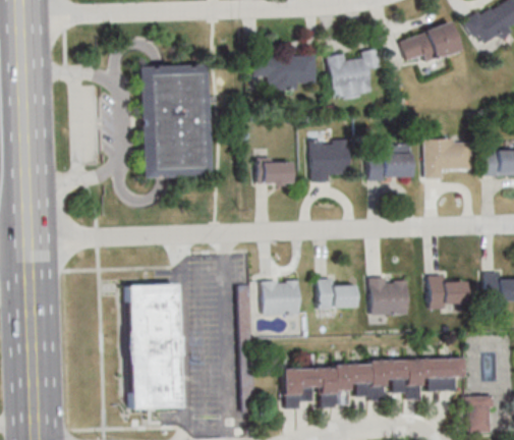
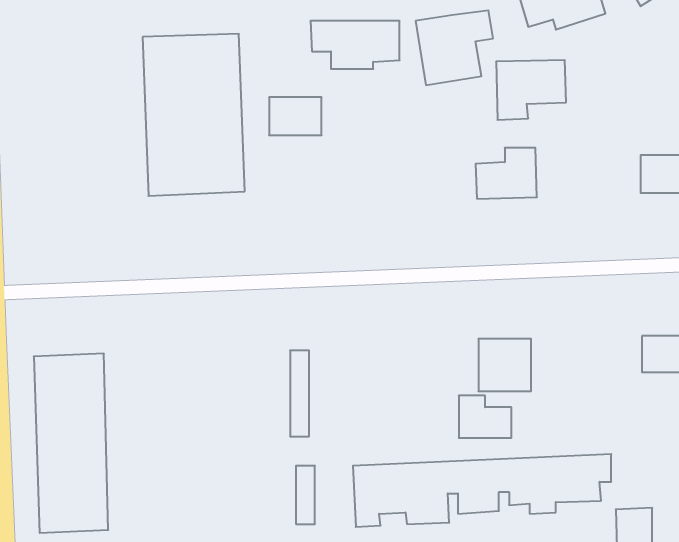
building: [424,139,473,180] -> [496,60,566,120]
building: [311,140,350,183] -> none
building: [258,159,294,185] -> [269,97,322,135]
building: [431,276,466,309] -> none
building: [320,279,356,309] -> [459,396,511,438]
building: [264,280,300,314] -> none
building: [125,283,177,408] -> [34,354,108,533]

